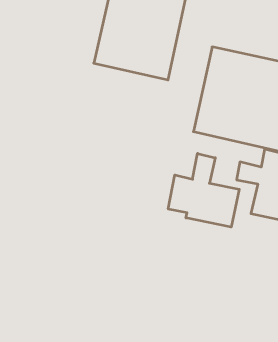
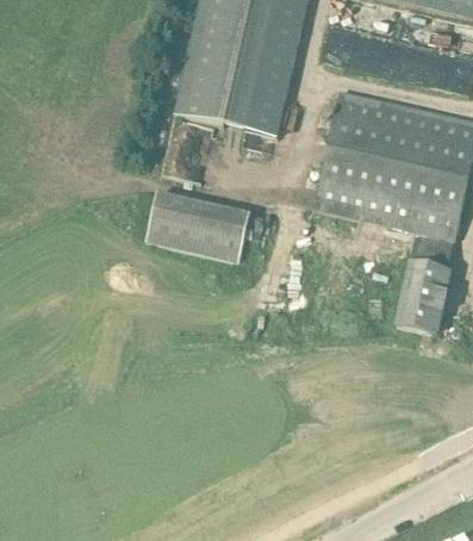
building: none -> [150,188,255,262]
building: [168,153,239,227] -> none

